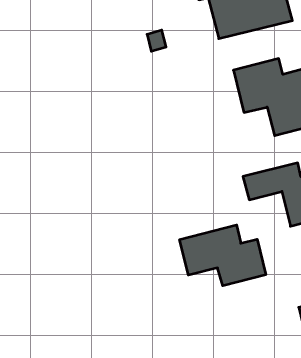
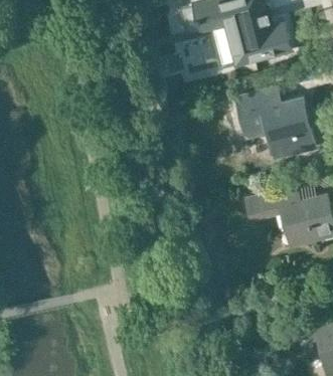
building: [180,225,266,286] -> none

